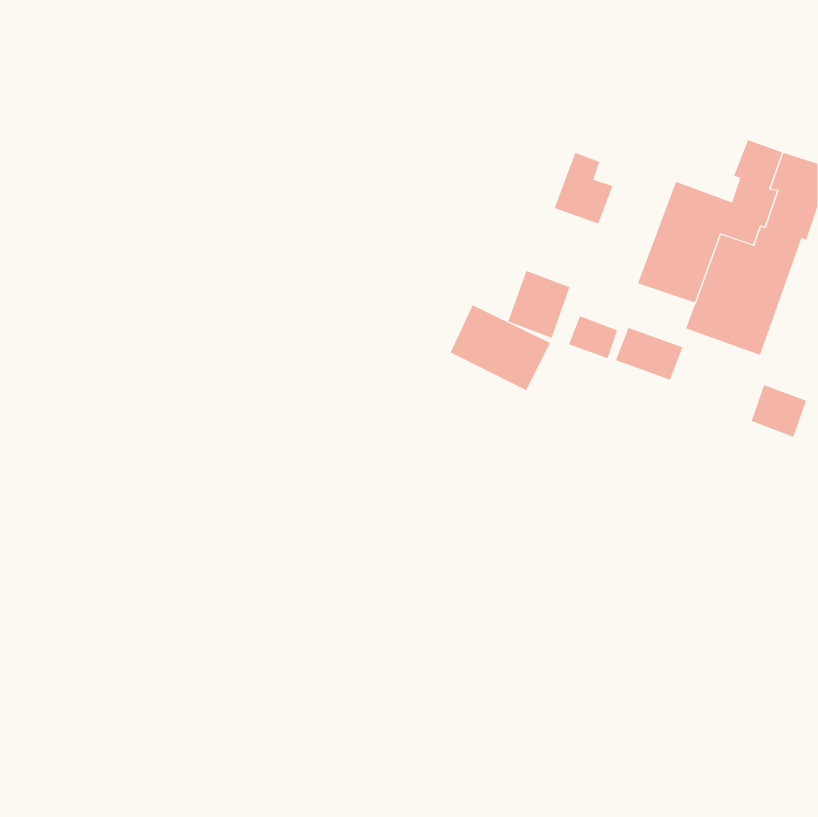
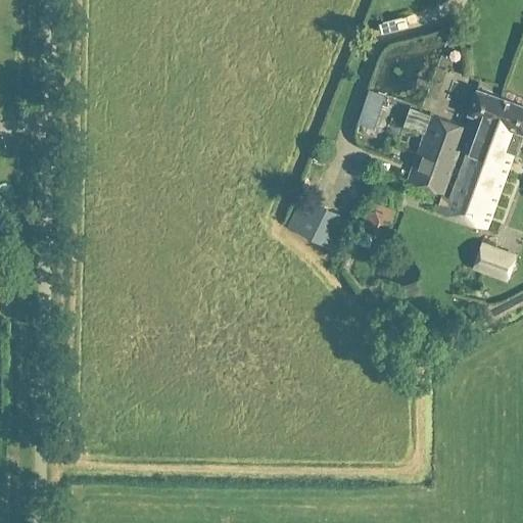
building: [508,270,570,339] -> none
building: [615,327,683,380] -> none

